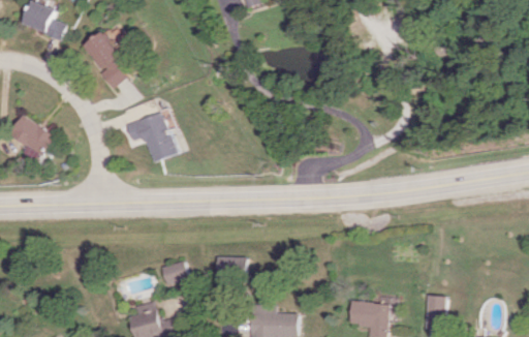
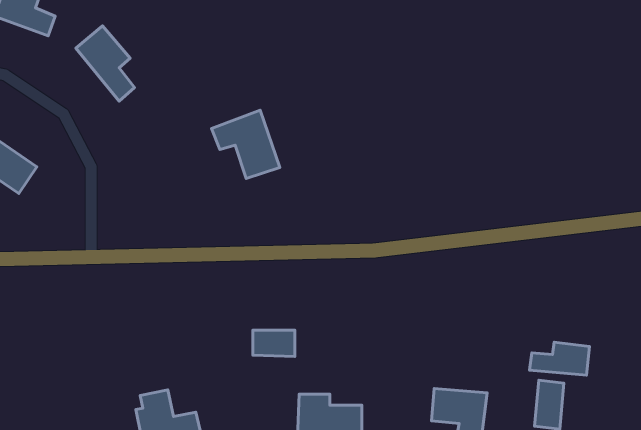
building: [125,112,176,162] -> [211,110,280,179]
building: [160,261,188,285] -> none
building: none -> [529,342,590,375]

